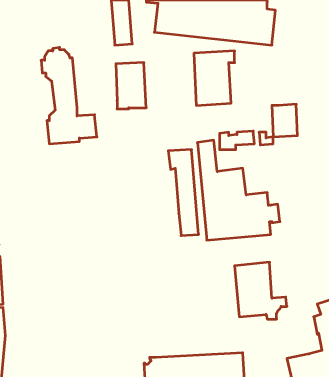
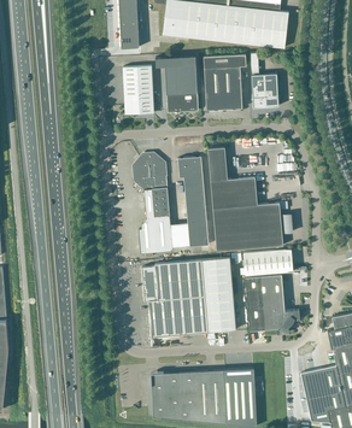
building: [41,47,97,144] -> [133,153,190,253]
building: none -> [156,55,198,112]
building: [272,104,297,137] -> [252,74,278,107]
building: none -> [244,248,293,275]
building: none -> [142,257,236,336]

